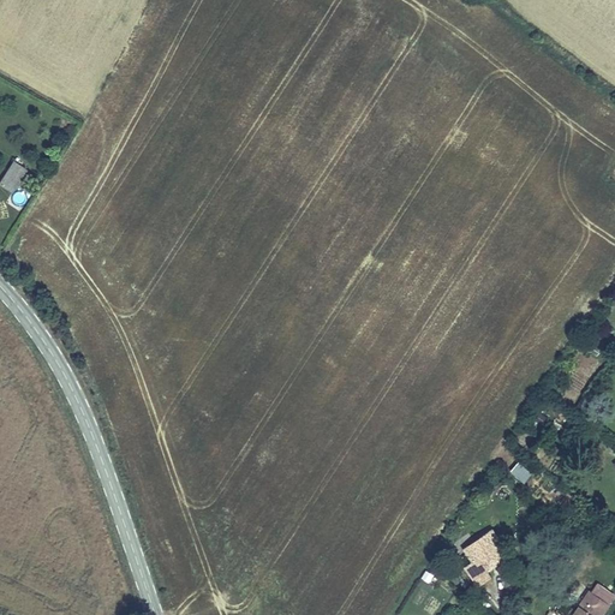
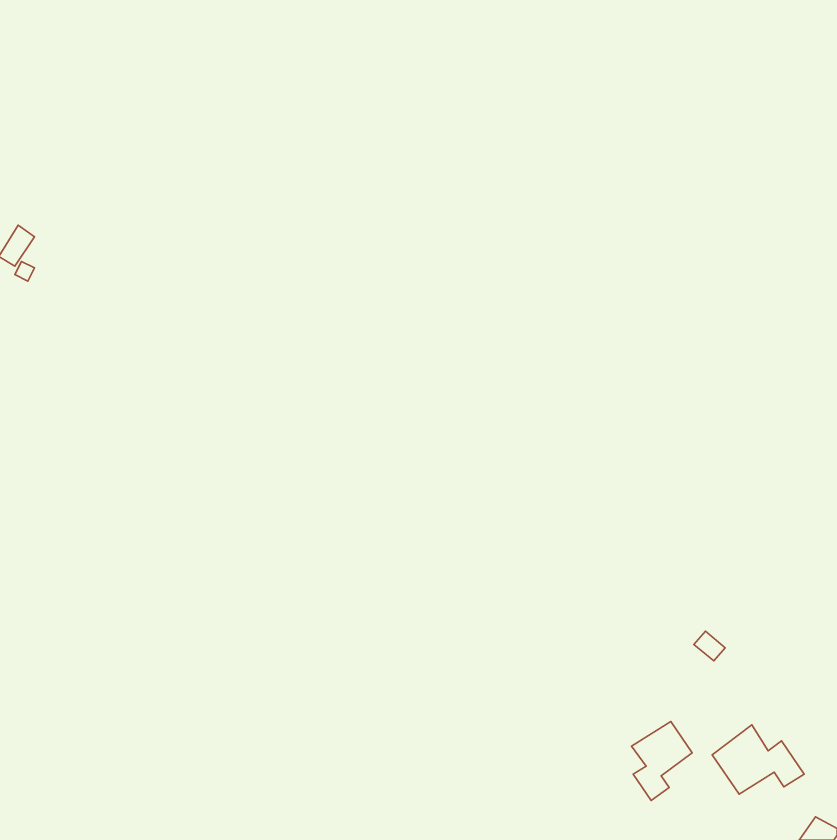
building: none -> [712,725,804,794]

